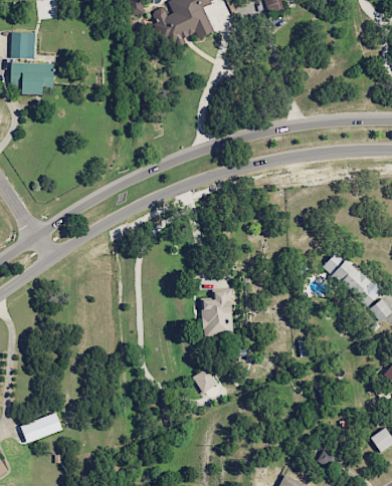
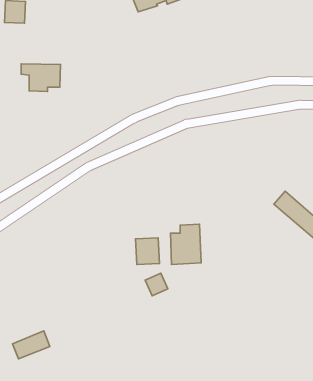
building: [10,62,55,94] -> [21,64,61,92]
building: none -> [135,238,160,265]
building: [194,368,220,394] -> [145,273,168,296]

